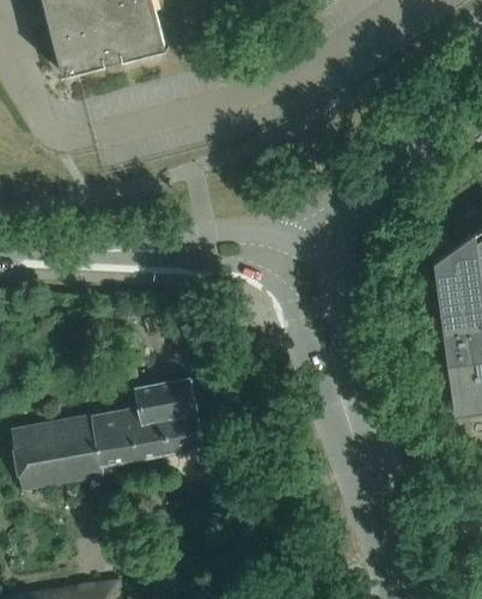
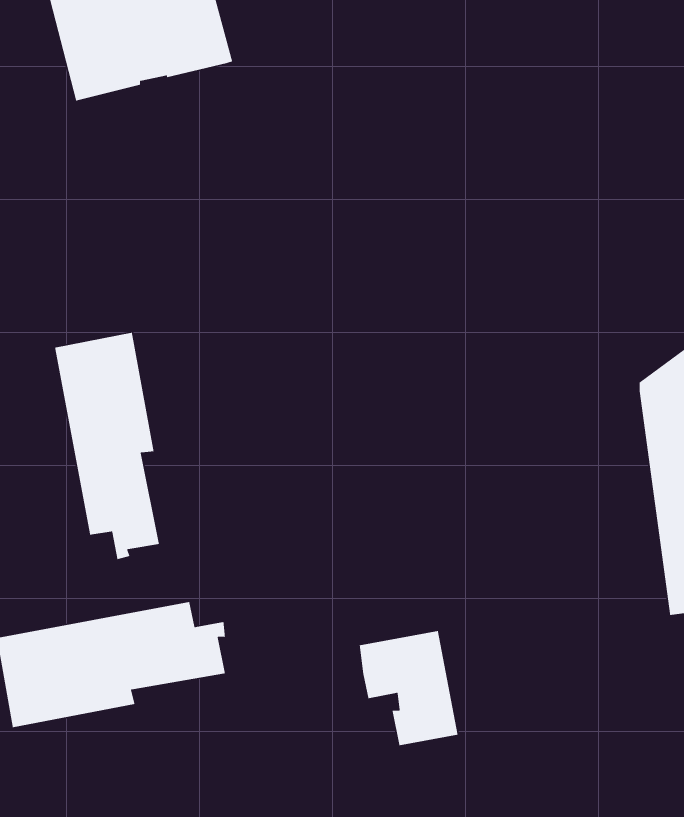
building: none -> [54,332,160,560]
building: [136,377,202,454] -> [359,630,459,746]

